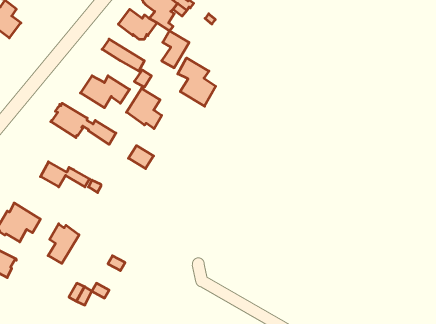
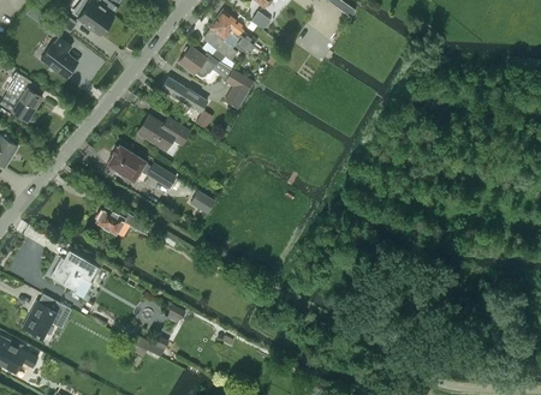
building: [178,58,216,106] -> none
building: [126,88,162,129] -> none
building: [48,224,79,263] -> none

